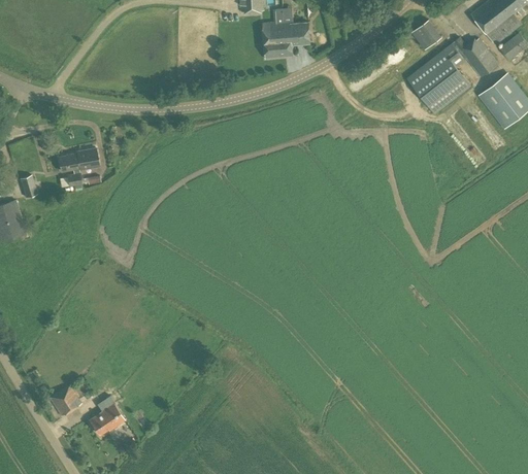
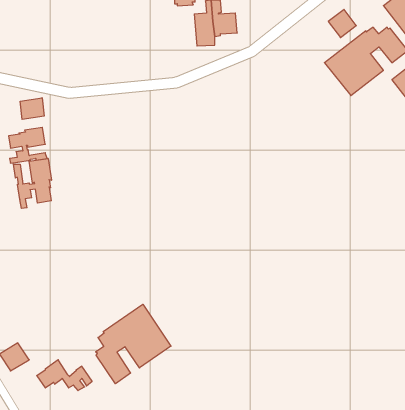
building: none -> [20,98,44,119]
building: none -> [13,158,51,208]
building: none -> [96,304,171,384]

